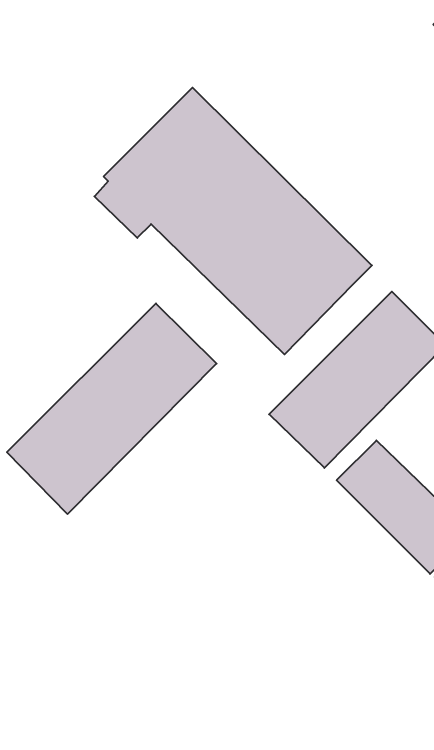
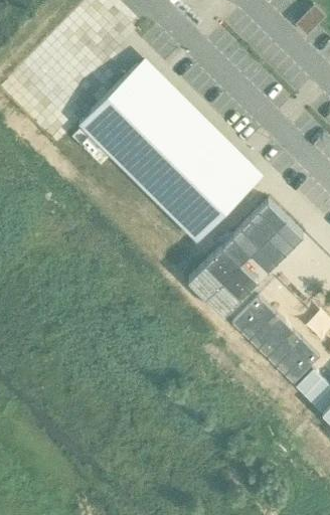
building: [7,303,217,514] -> none

